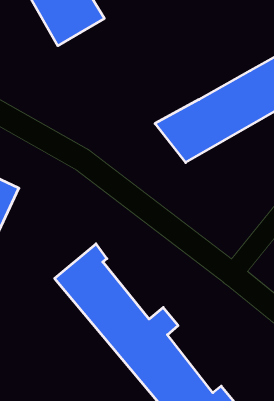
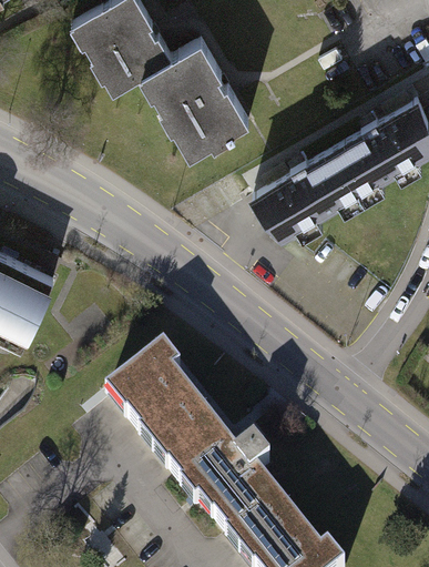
building: none -> [144,32,252,148]

